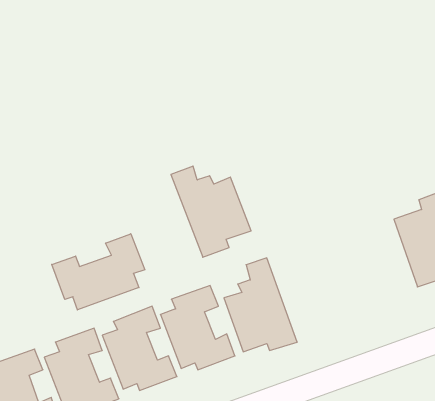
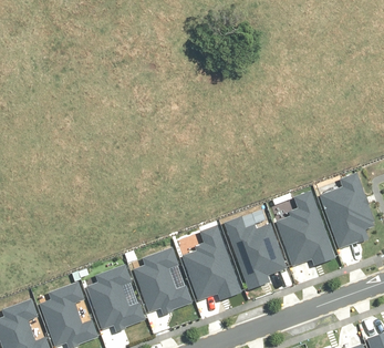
building: [171,166,251,257] -> [222,216,287,289]
building: none -> [276,190,334,265]
building: [52,234,145,310] -> none

